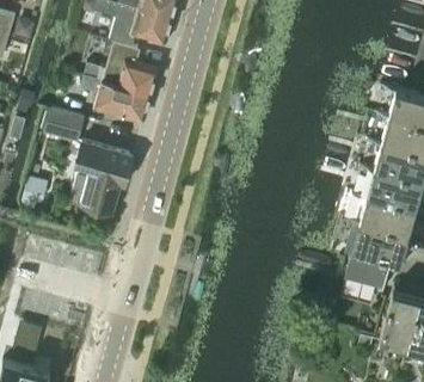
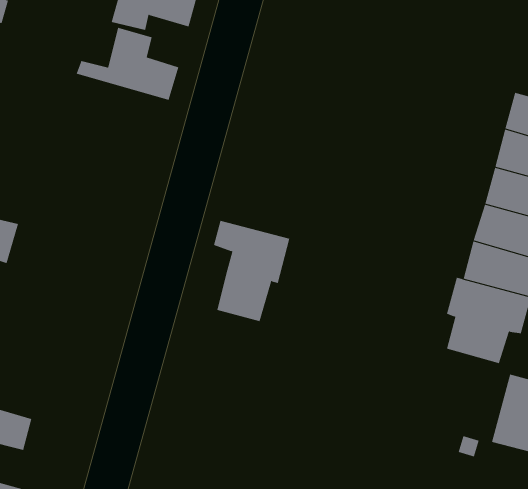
building: [79,76,149,119] -> none
building: [44,110,81,141] -> none
building: [78,143,133,216] -> [213,220,290,322]

